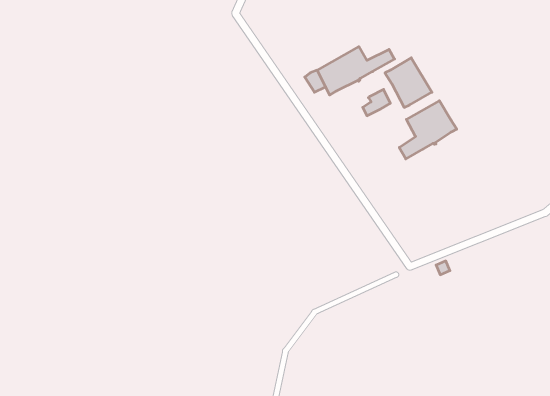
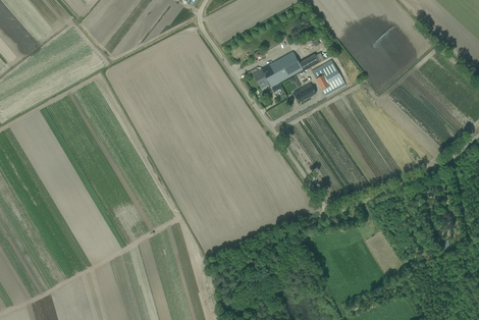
building: [399,101,457,159] -> none

